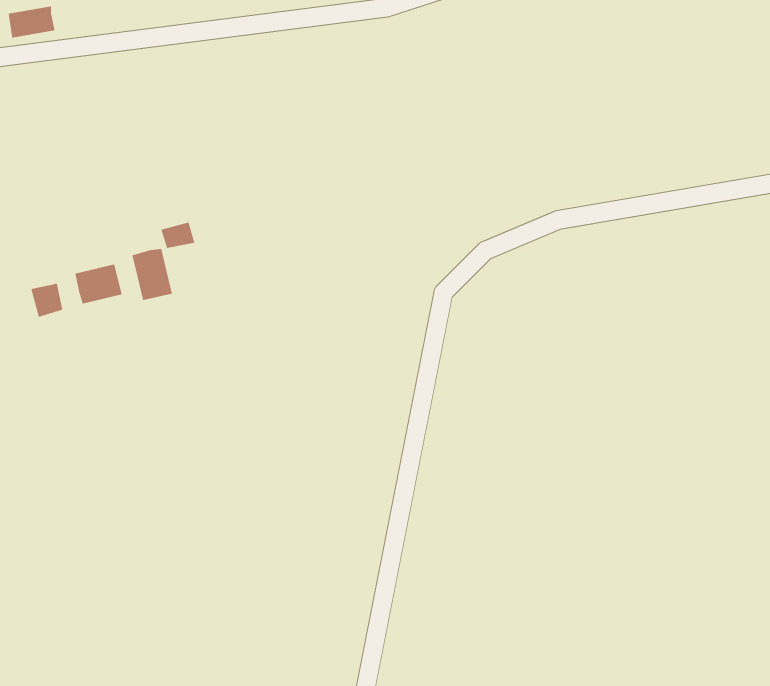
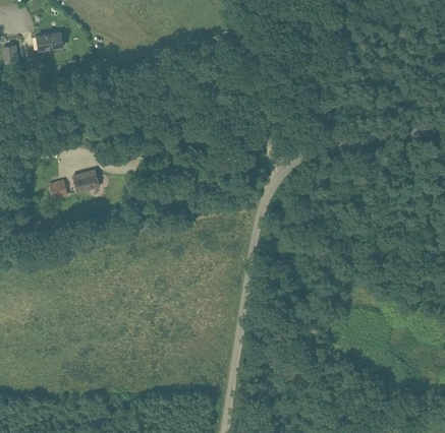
building: [132,248,173,301] -> none

